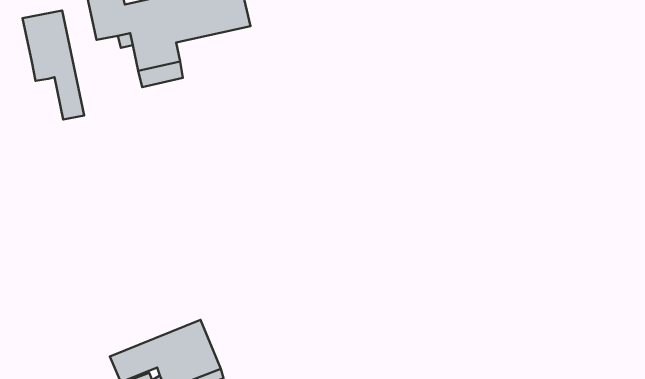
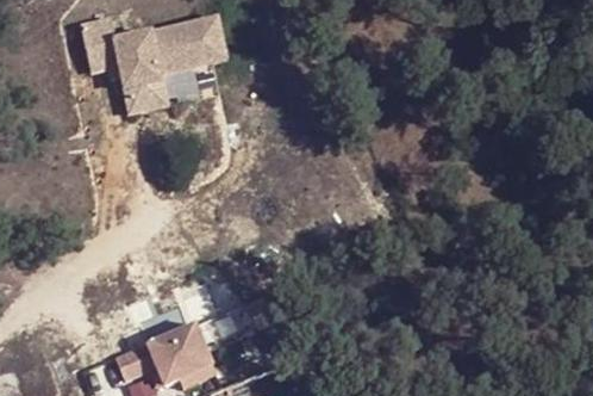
building: [22,11,84,119] -> none

